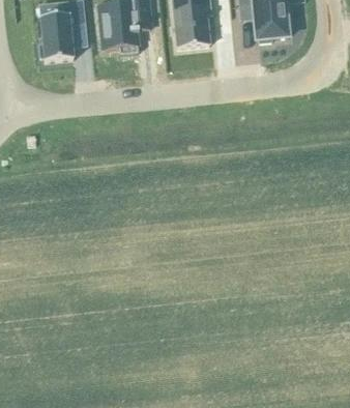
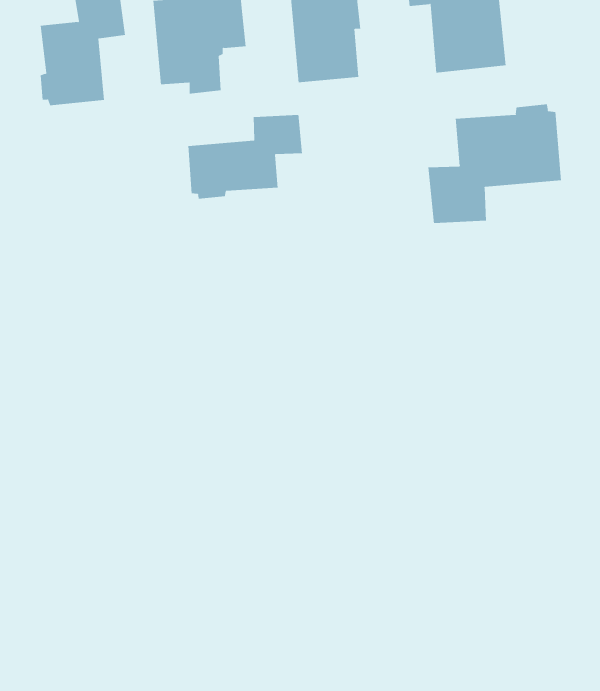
building: none -> [428,104,561,224]
building: none -> [188,114,303,199]

